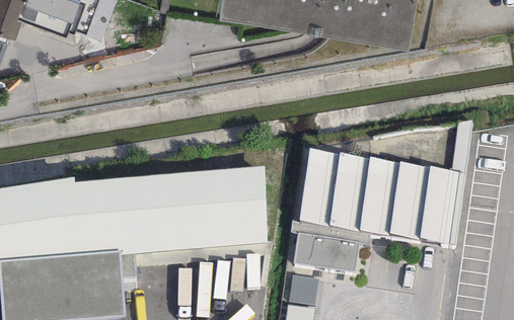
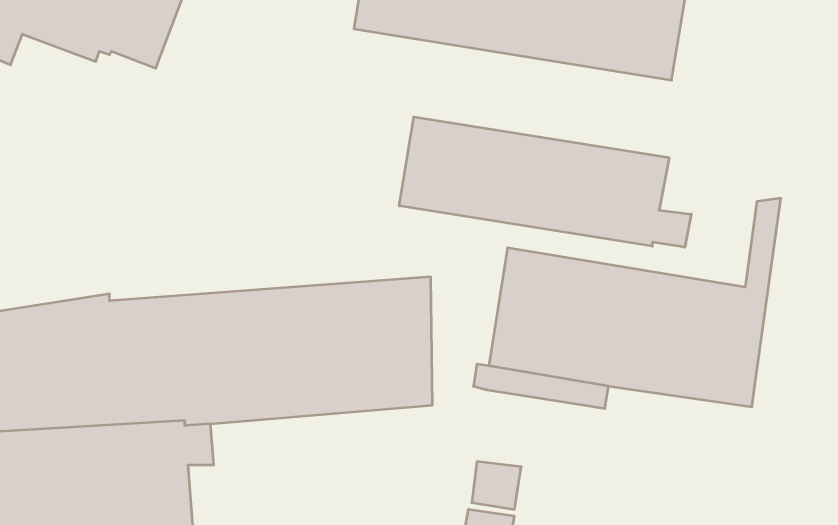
building: none -> [399,117,691,247]
building: [293,232,362,273] -> none

